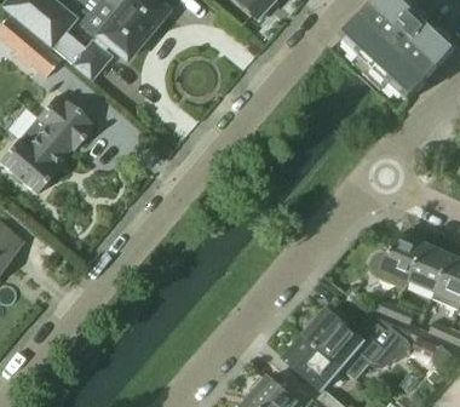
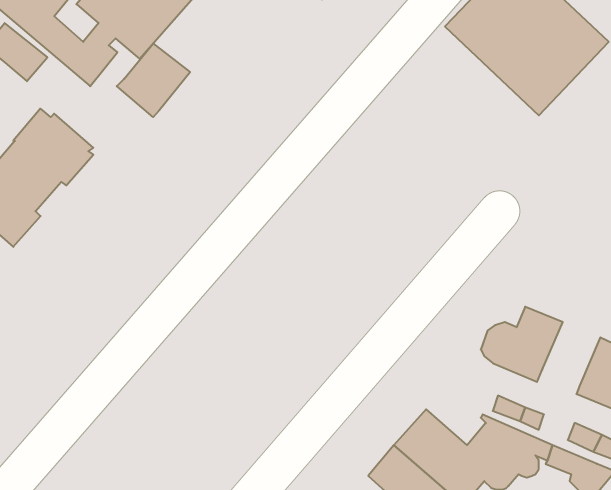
building: none -> [117,44,190,117]
building: [410,247,452,292] -> none

